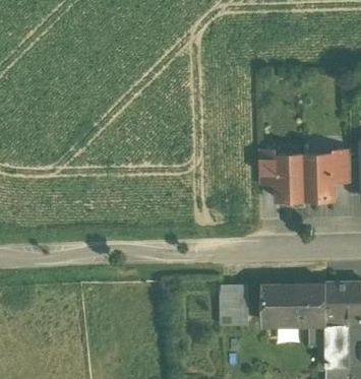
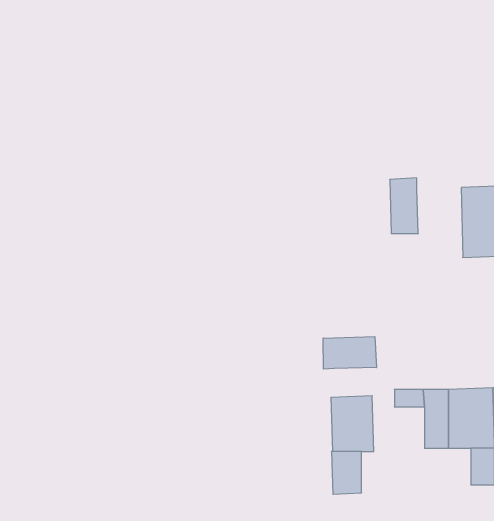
building: [276,155,305,201] -> none
building: none -> [323,337,376,369]
building: [261,296,281,323] -> [331,451,362,494]

